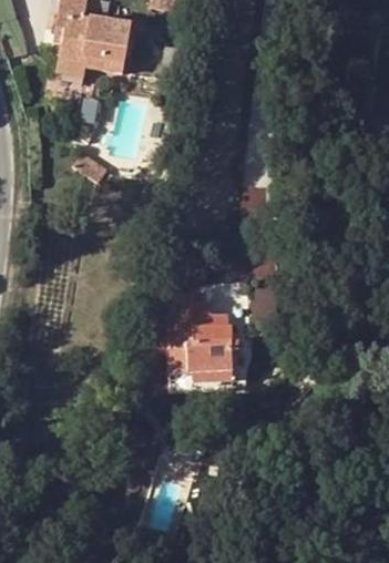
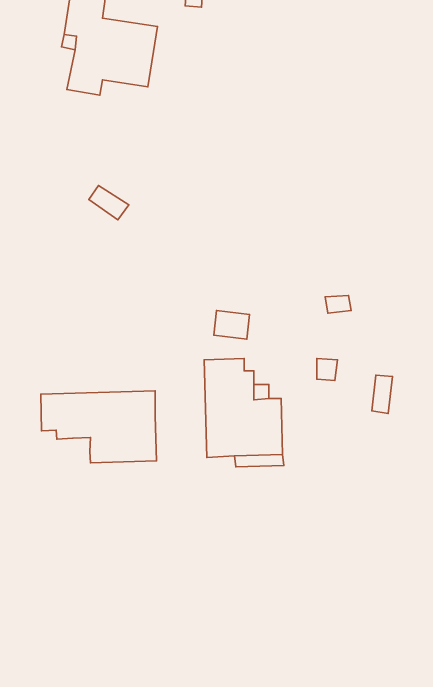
building: none -> [41,391,157,463]

